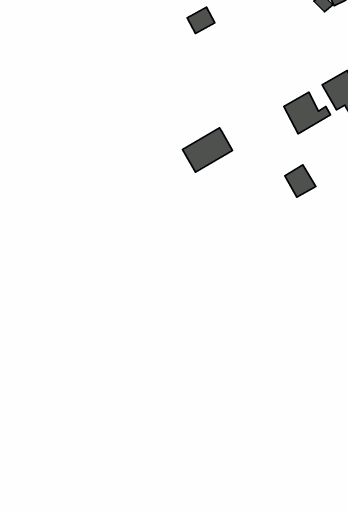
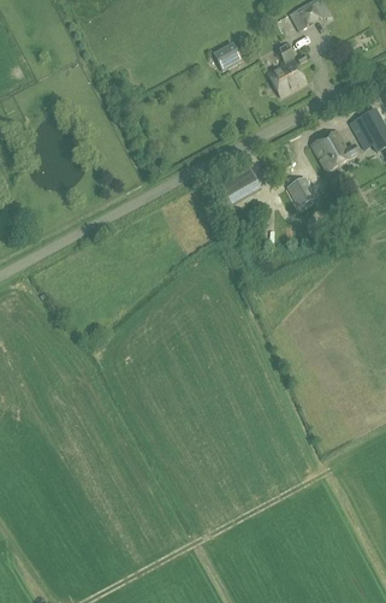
building: none -> [267,43,305,95]
building: [285,165,316,197] -> [285,175,316,207]

